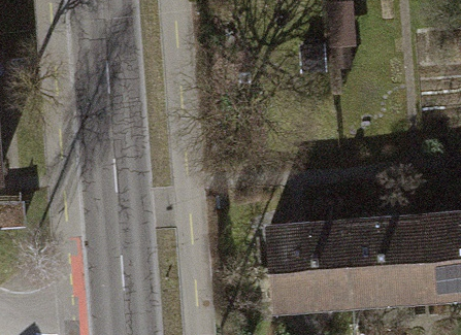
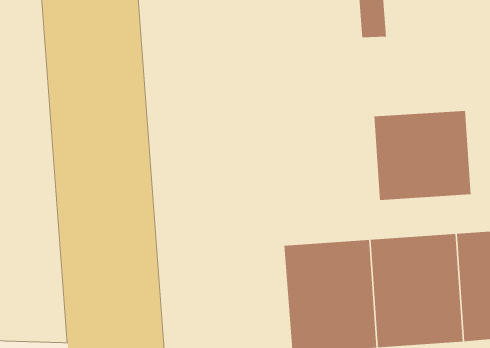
building: none -> [374,110,471,201]

